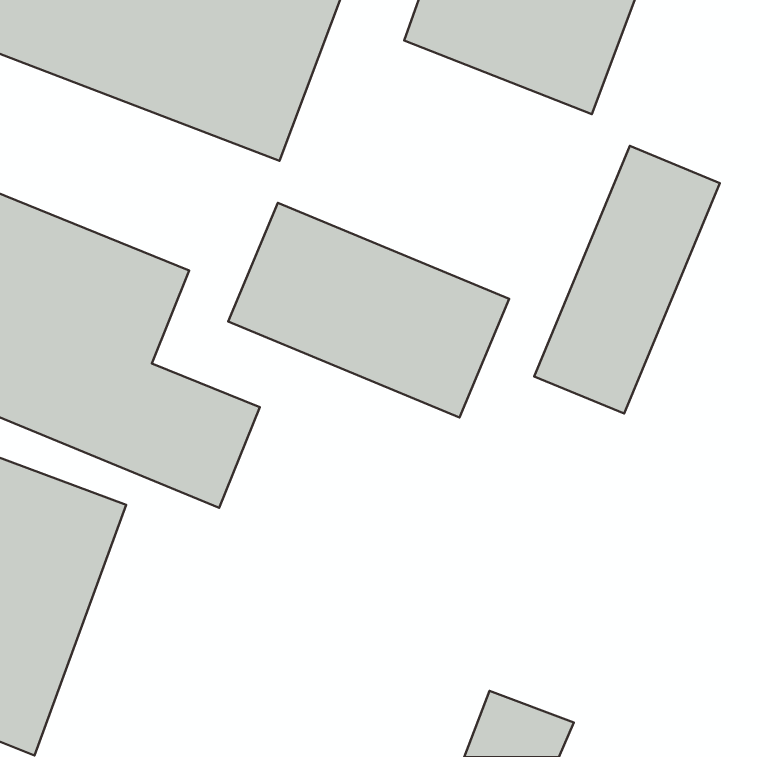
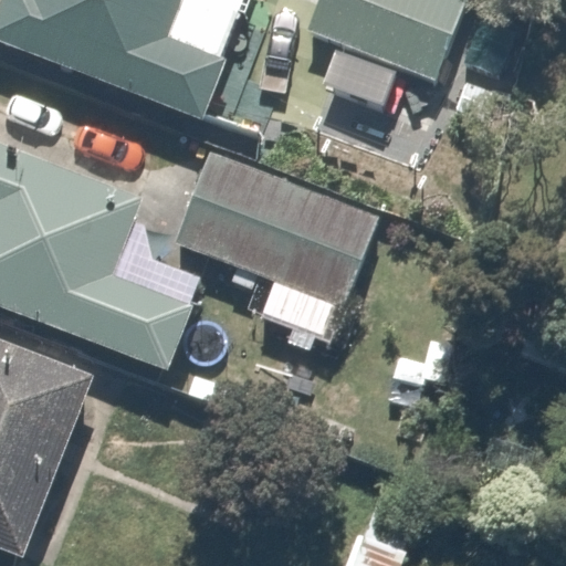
building: [534,146,720,414] -> none

